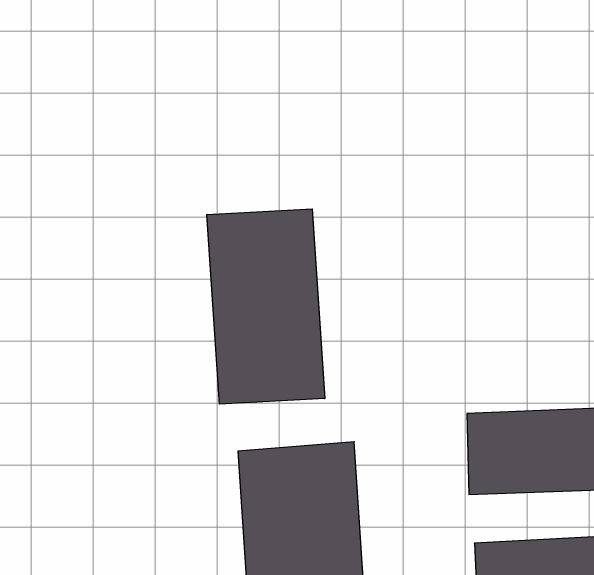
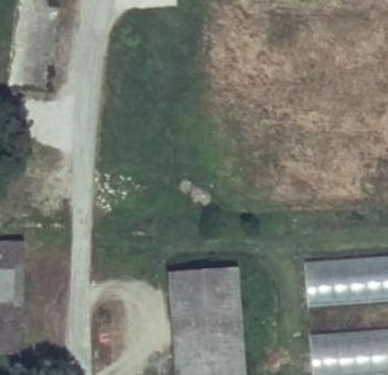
building: [207,209,325,404] -> none

